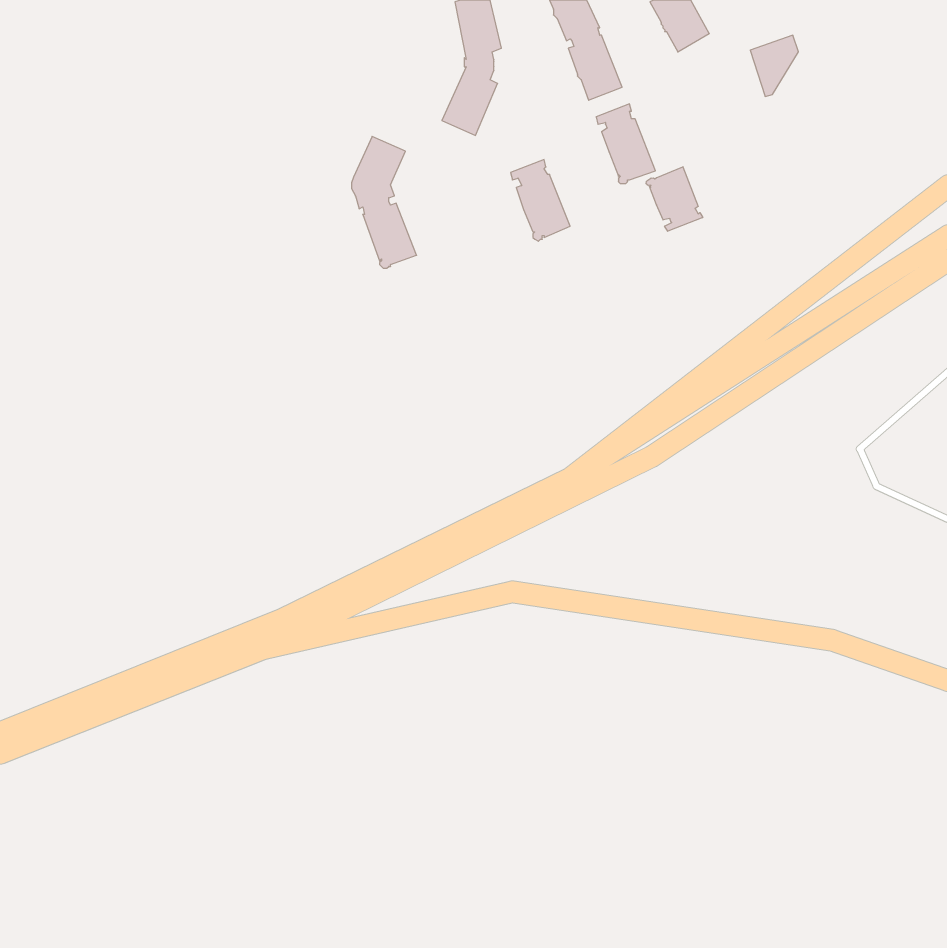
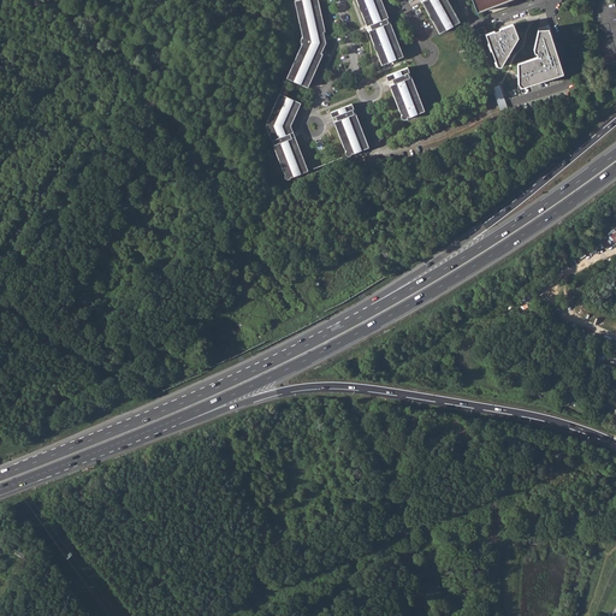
building: none -> [517,24,567,88]
building: [352,136,417,268] -> [267,94,309,179]
building: [646,167,703,231] -> none

